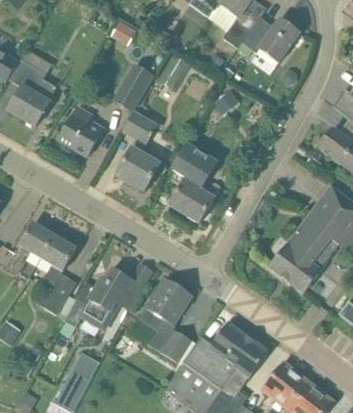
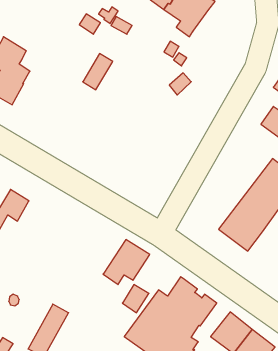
building: [233,16,300,61] -> none
building: [58,105,101,155] -> none
building: [116,111,158,189] -> none
building: [168,143,217,222] -> none
building: [38,234,76,315] -> none
building: [63,267,143,327] -> none

